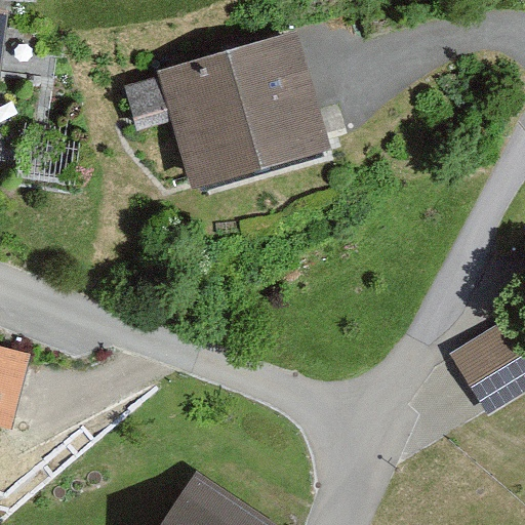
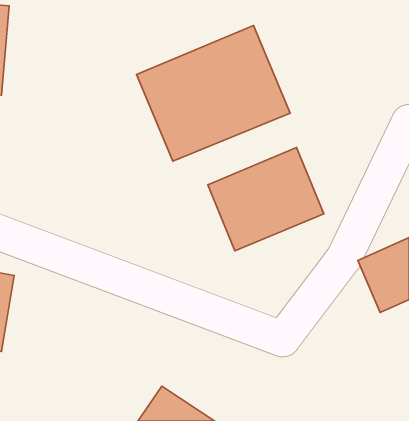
building: none -> [208,147,324,251]

